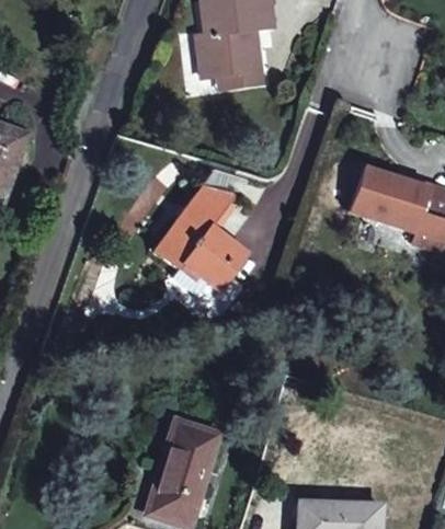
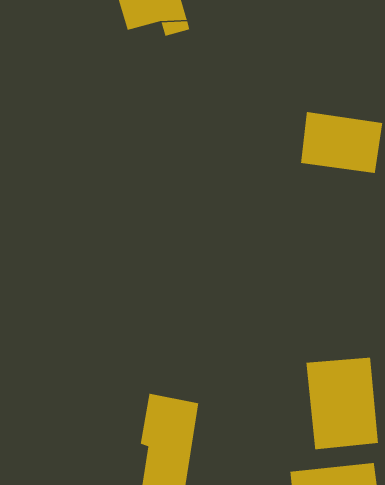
building: [156,189,246,291] -> none
building: none -> [305,357,379,450]

